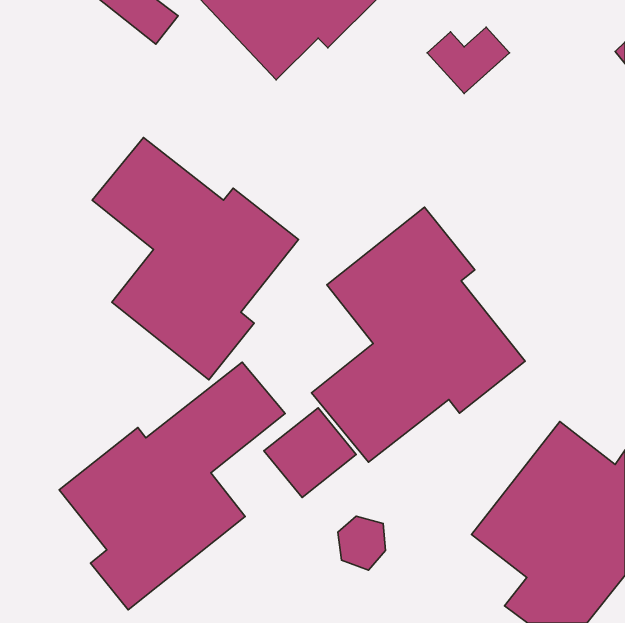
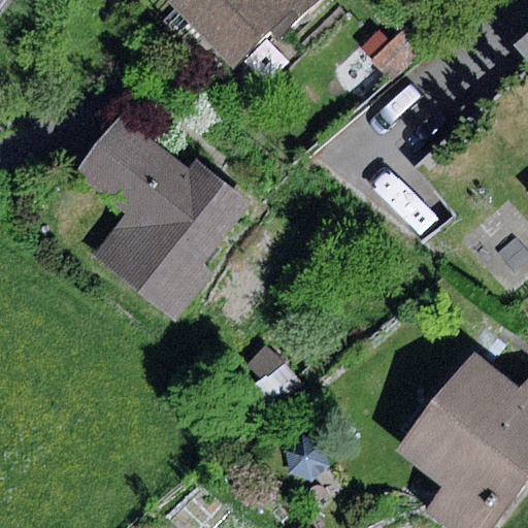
building: [311,207,525,462] -> none
building: [59,362,285,610] -> none

